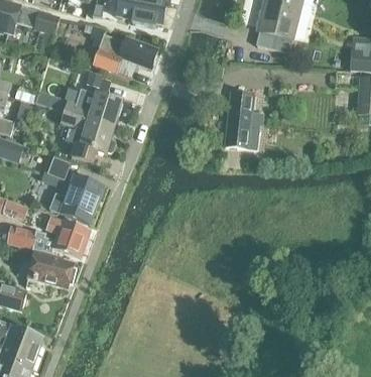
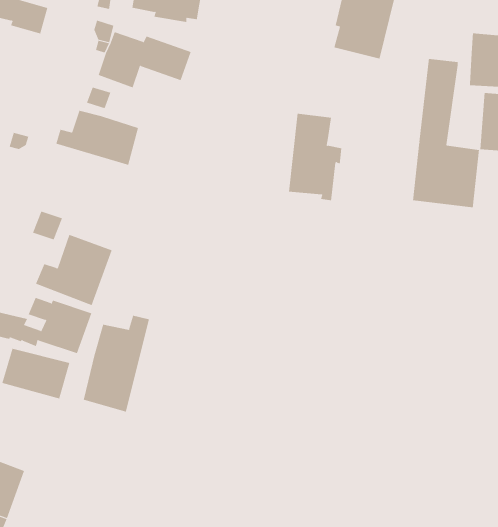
building: none -> [412,58,480,208]
building: [60,111,114,162] -> none
building: none -> [83,315,150,412]

